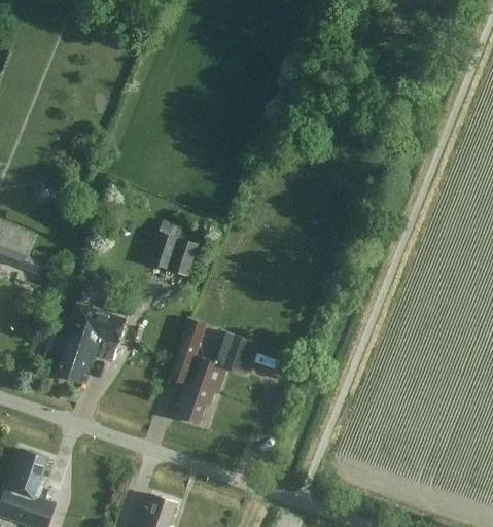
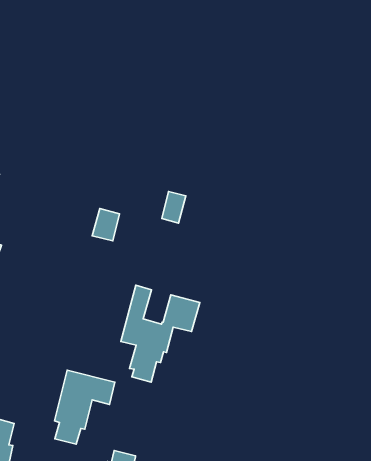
building: [168,240,196,275] -> [162,191,186,223]
building: [56,302,125,382] -> [55,370,115,444]

